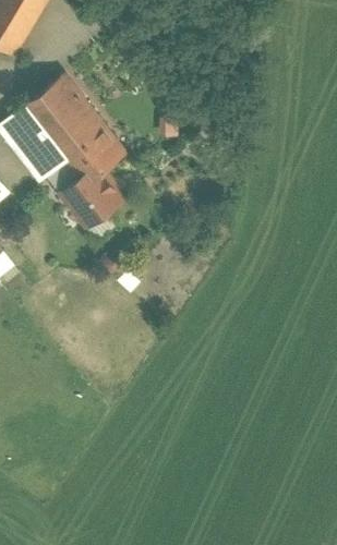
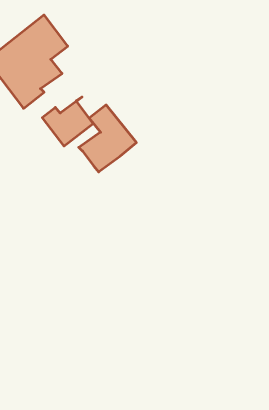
building: [60,108,127,185] -> [79,105,136,172]

